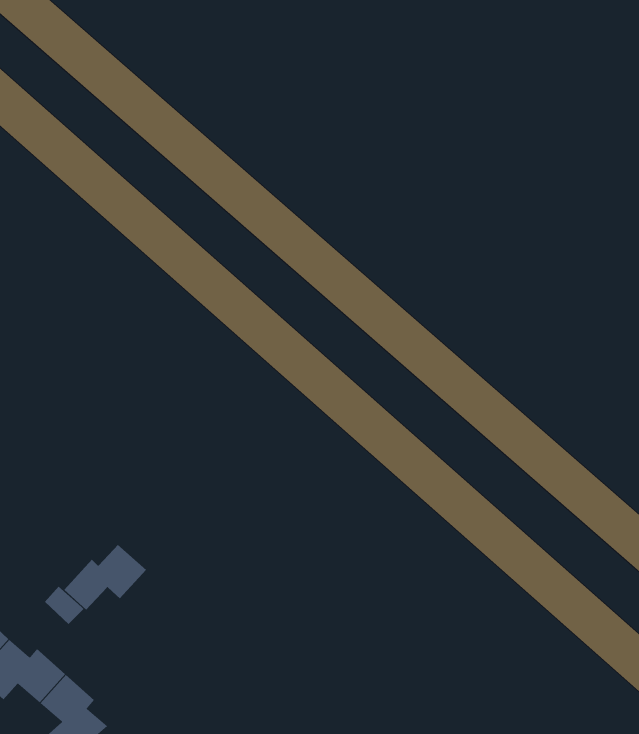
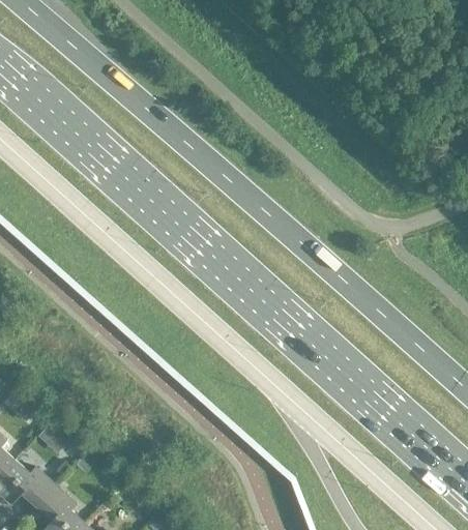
building: [64,544,147,610] -> none

